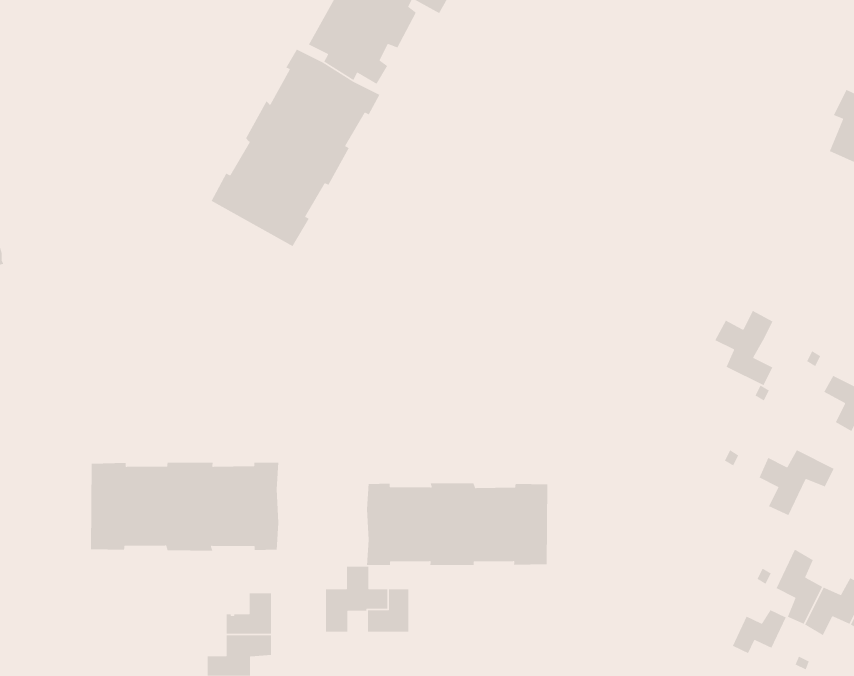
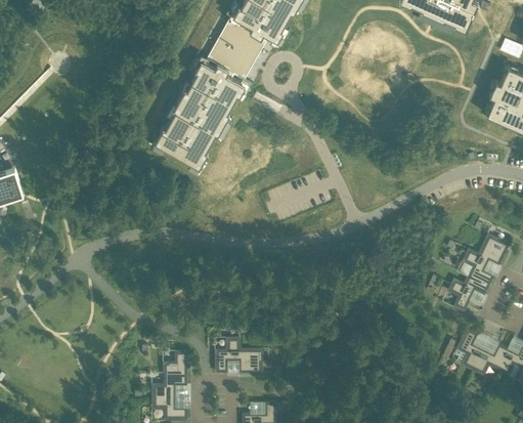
building: [714,310,773,386] -> [462,244,493,285]
building: [90,462,279,551] -> none
building: [366,482,548,566] -> none
building: [732,609,787,654] -> none

